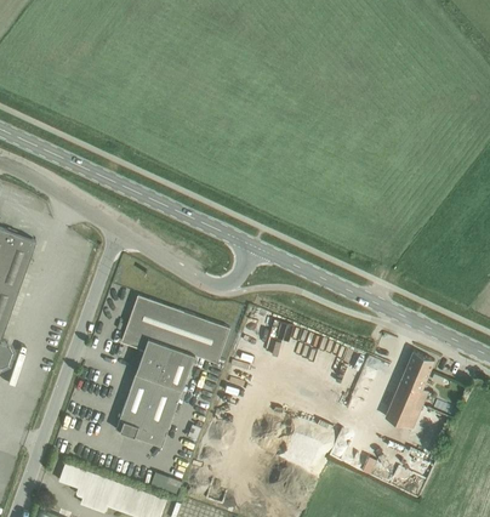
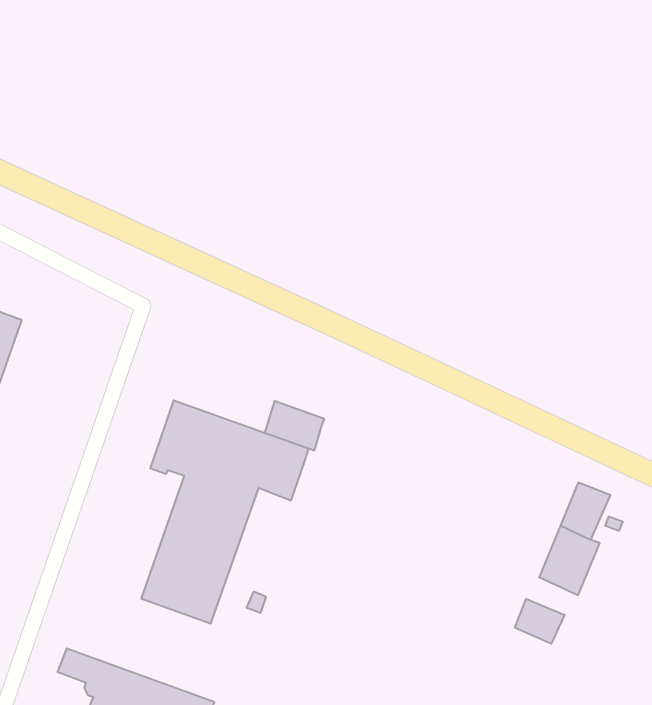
building: none -> [265,401,324,451]
building: none -> [515,599,565,644]

